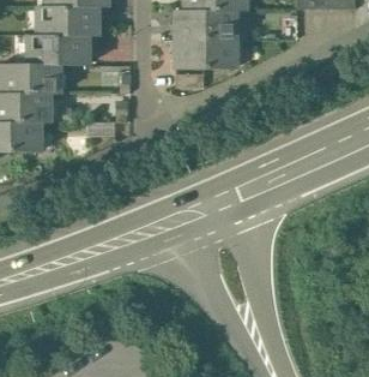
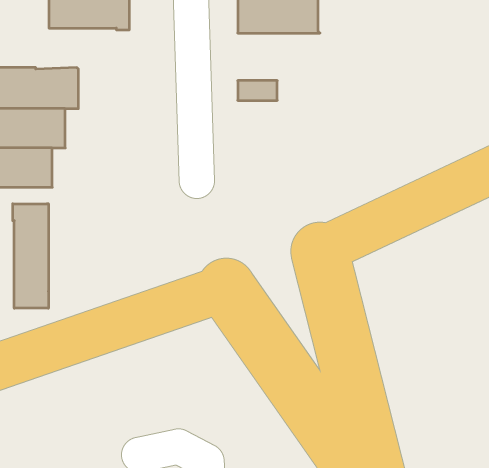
building: [29,35,87,65] -> none
building: [176,38,236,68] -> none
building: none -> [13,204,48,308]

